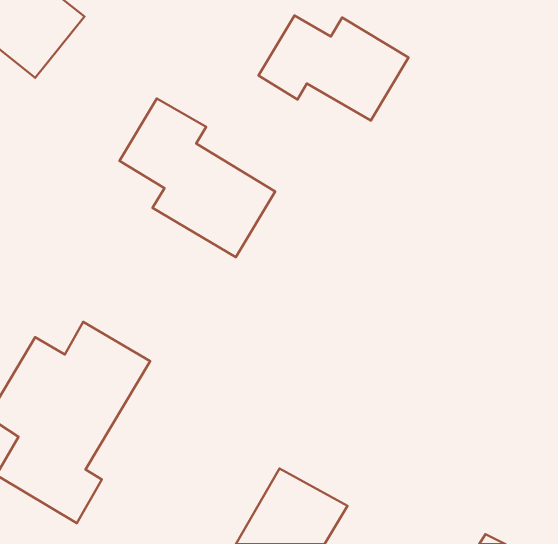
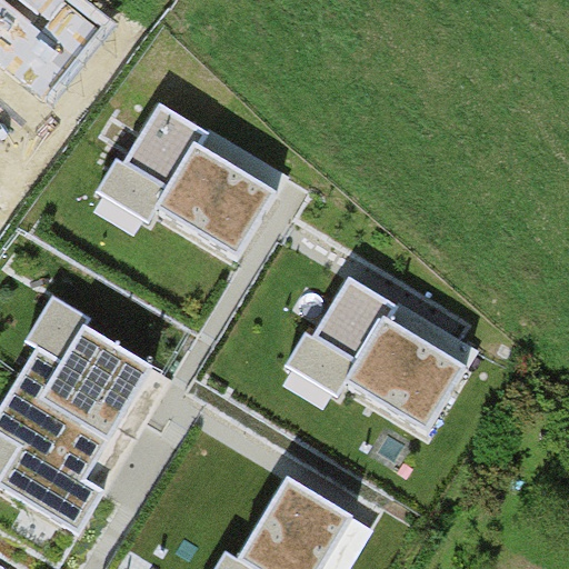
building: [259,16,408,121] -> none
building: none -> [307,278,465,439]

